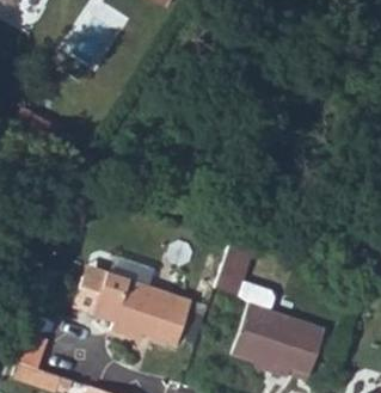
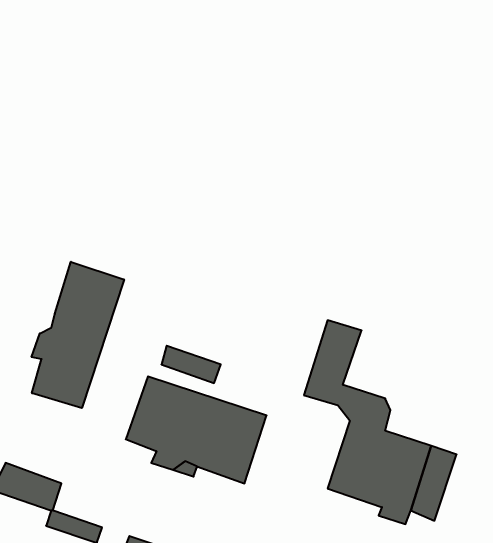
building: none -> [32,262,124,408]

